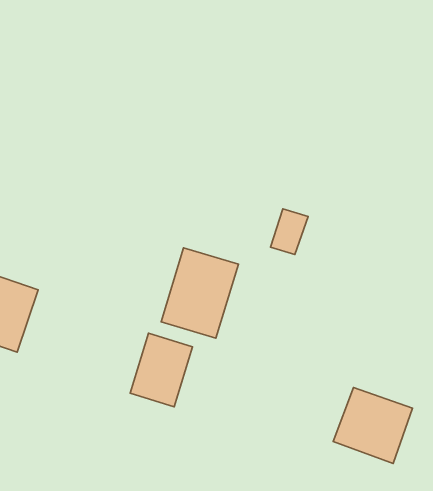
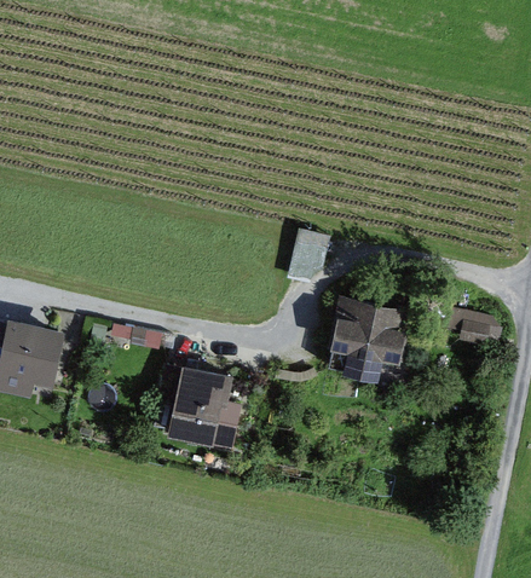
building: [161,248,238,338] -> none
building: [333,387,412,463] -> [328,308,406,383]

